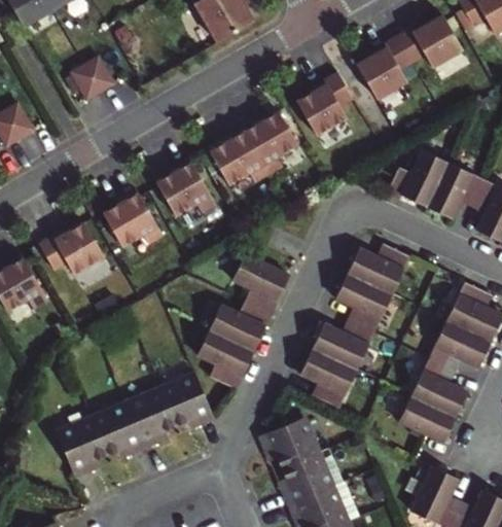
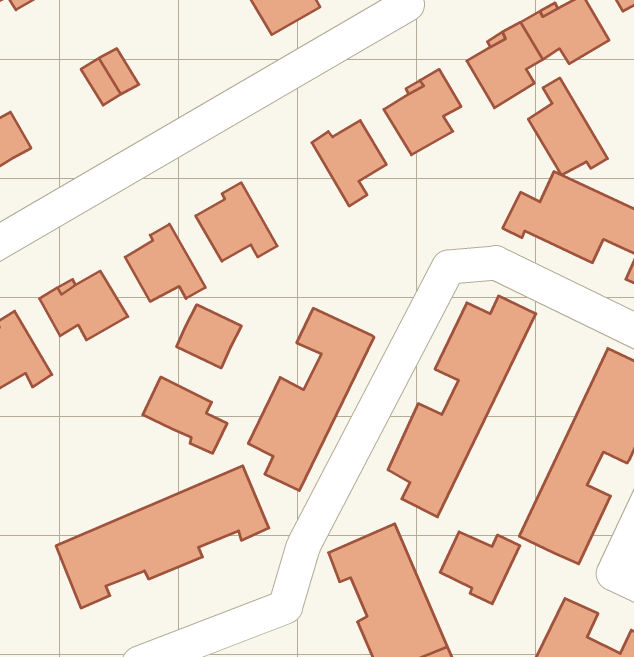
building: none -> [528,78,608,175]
building: [212,129,272,186] -> none
building: none -> [177,305,241,368]
building: none -> [143,377,227,453]
building: none -> [440,532,520,604]

